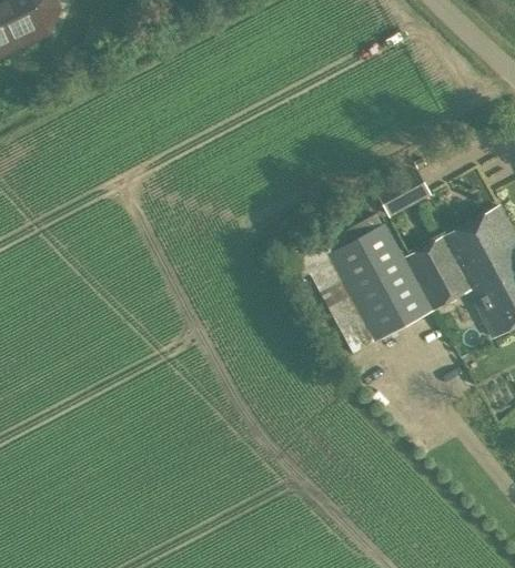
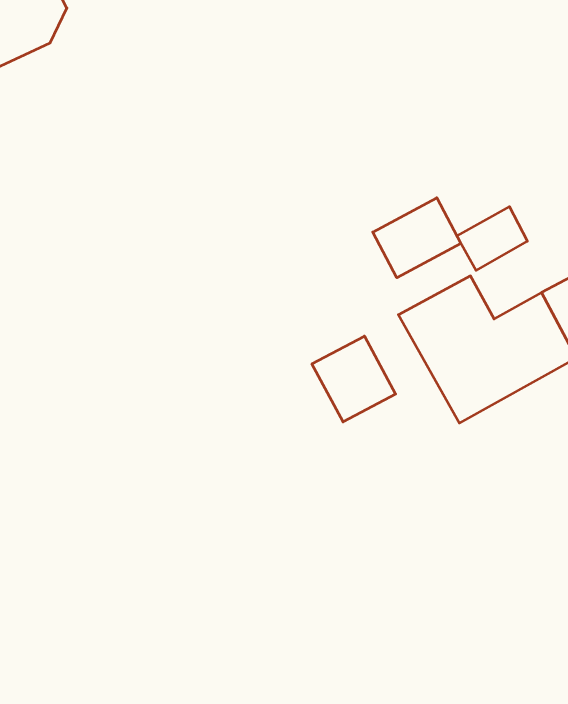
building: none -> [373,198,461,278]
building: none -> [312,336,396,422]

